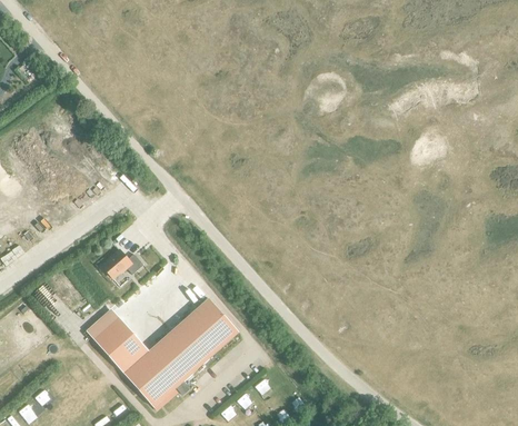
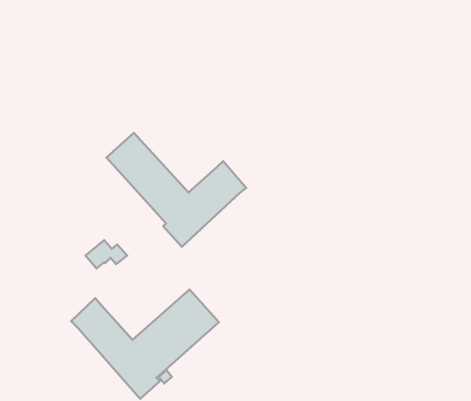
building: none -> [106,133,246,247]

